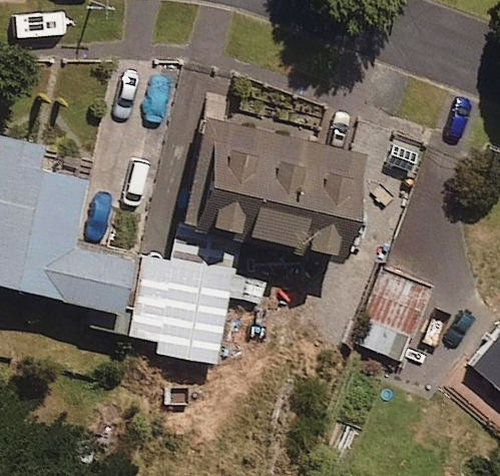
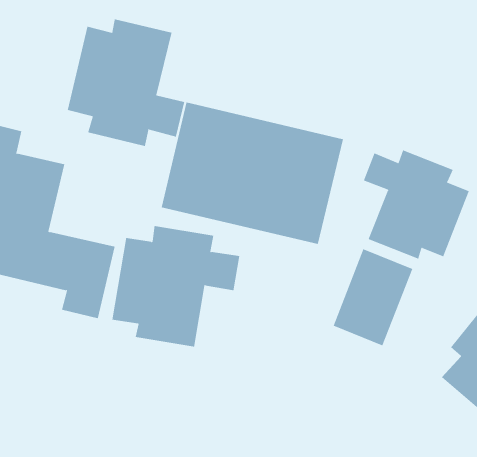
building: none -> [67,18,185,147]
building: none -> [363,150,470,259]

